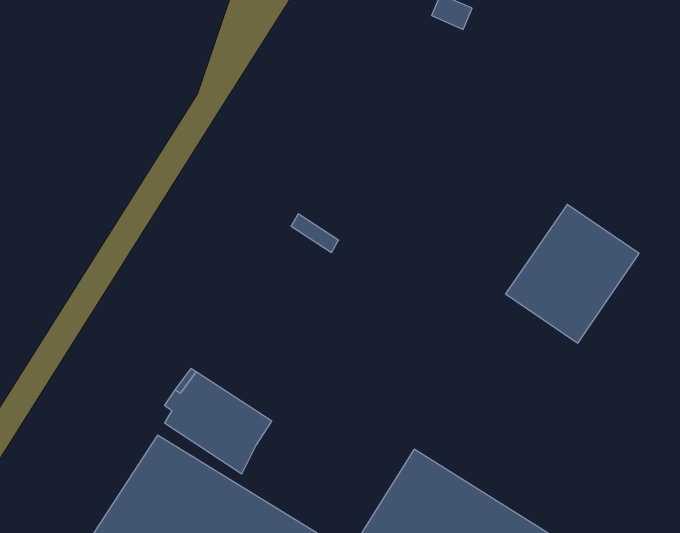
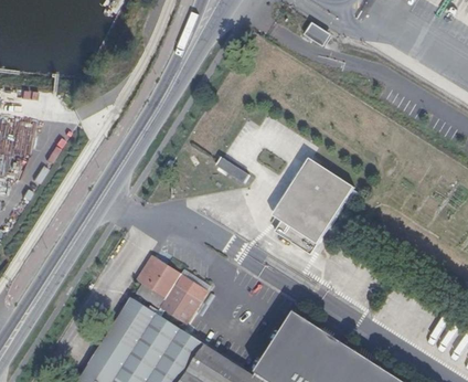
building: [506,204,639,343] -> [272,159,355,246]

